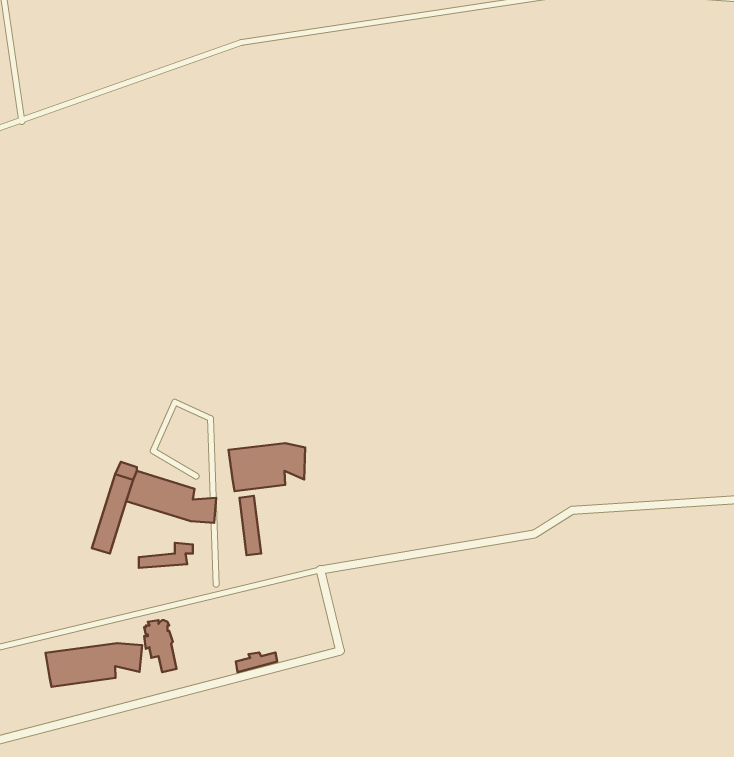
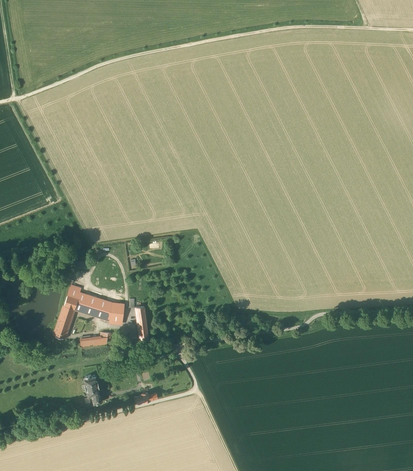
building: [228,443,305,491] -> none
building: [46,643,142,687] -> none

